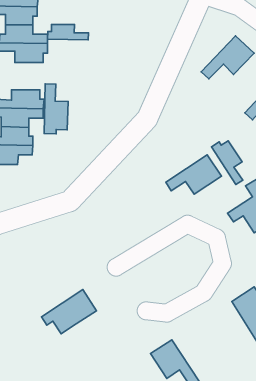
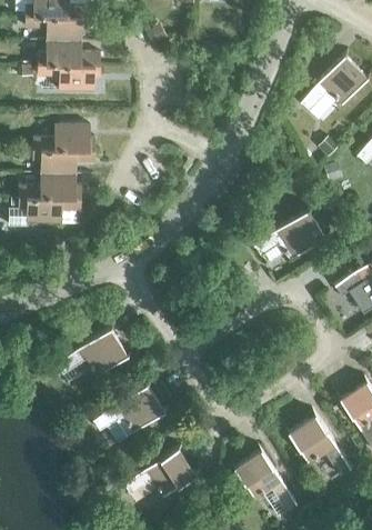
building: [48,24,88,40] -> none
building: [44,84,68,134] -> none
building: [212,141,243,184] -> none
building: none -> [57,328,129,377]
building: none -> [289,414,352,477]
building: none -> [123,449,195,497]

